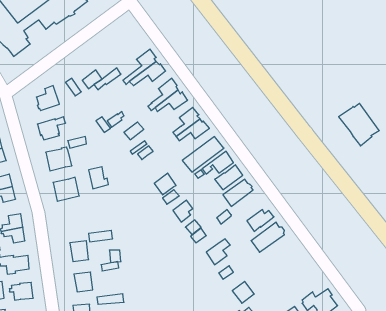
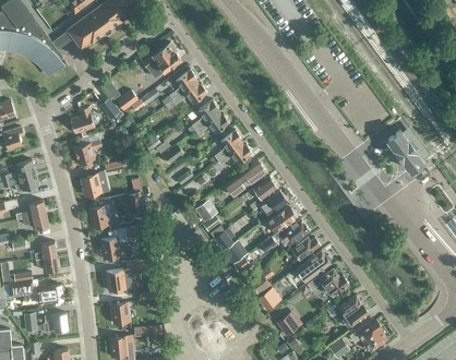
building: none -> [143,43,181,77]
building: none -> [277,218,309,245]
building: none -> [100,226,142,264]
building: none -> [307,268,348,296]
building: none -> [327,295,368,327]

